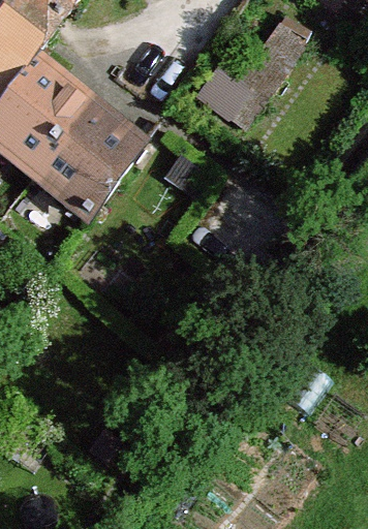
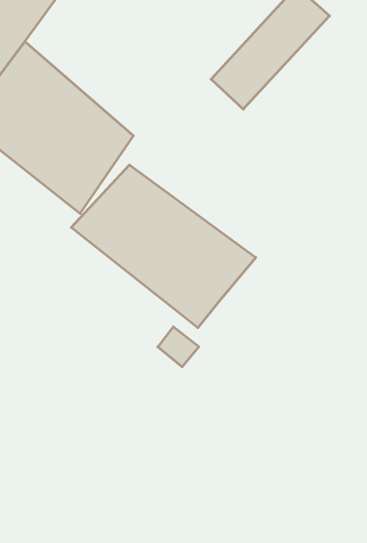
building: none -> [71,165,256,328]

